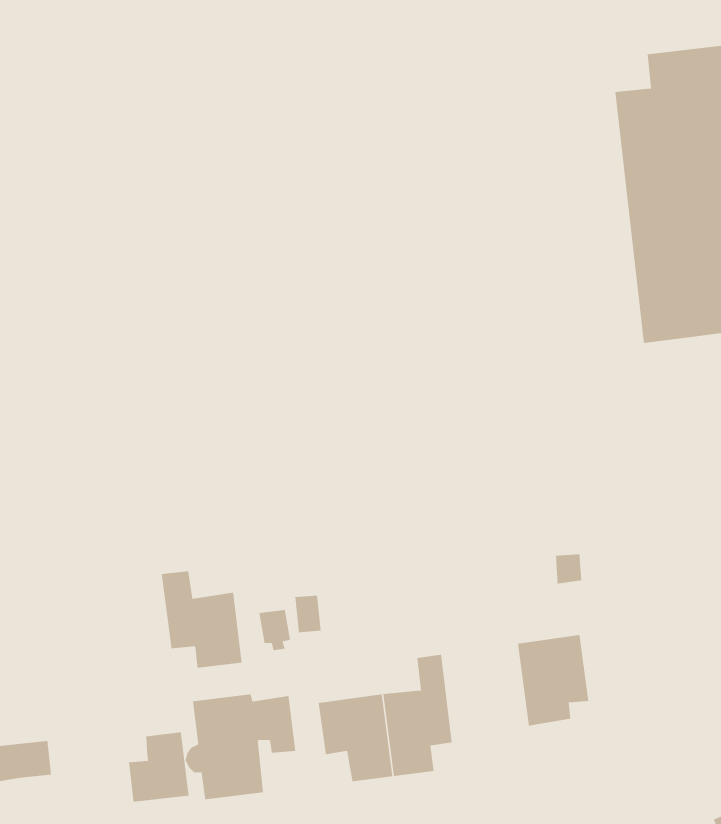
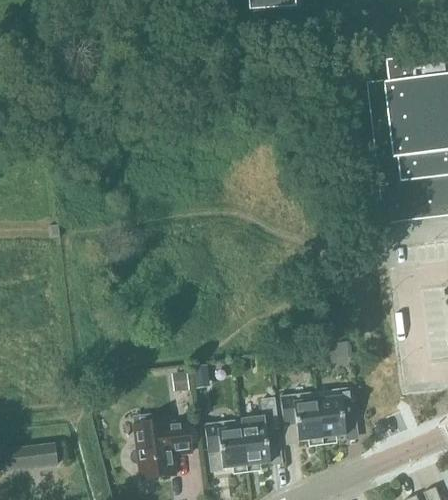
building: [161,570,242,669] -> none
building: none -> [282,391,323,440]
building: [129,732,189,803] -> none

